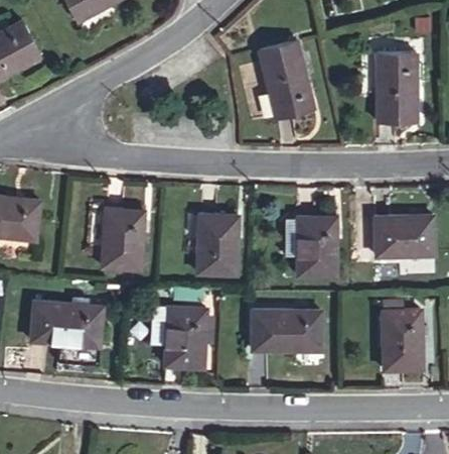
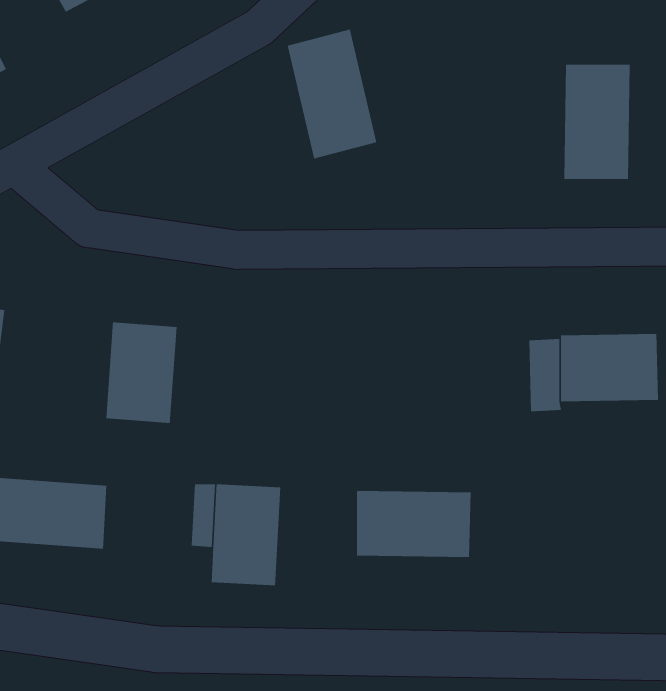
building: [260,39,314,118] -> [287,29,377,159]
building: [197,214,239,274] -> none
building: [287,216,337,275] -> none
building: [383,309,424,369] -> none

